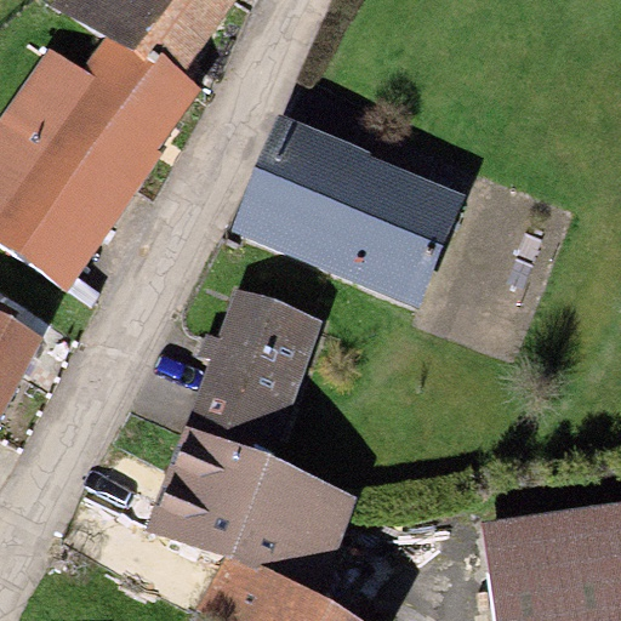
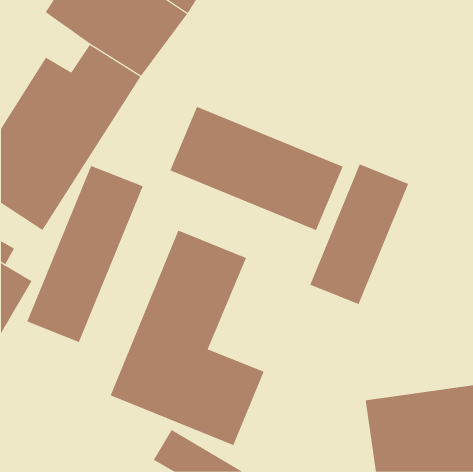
building: none -> [309,164,409,305]
building: none -> [27,165,143,343]

